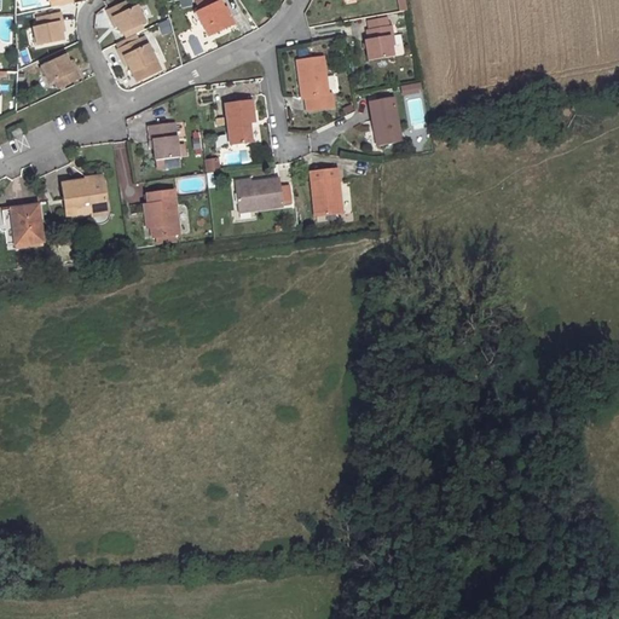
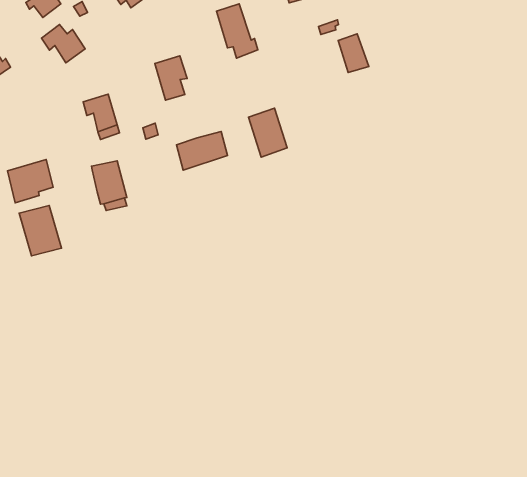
building: [372,104,399,141] -> [338,34,369,72]
building: none -> [19,205,61,256]

